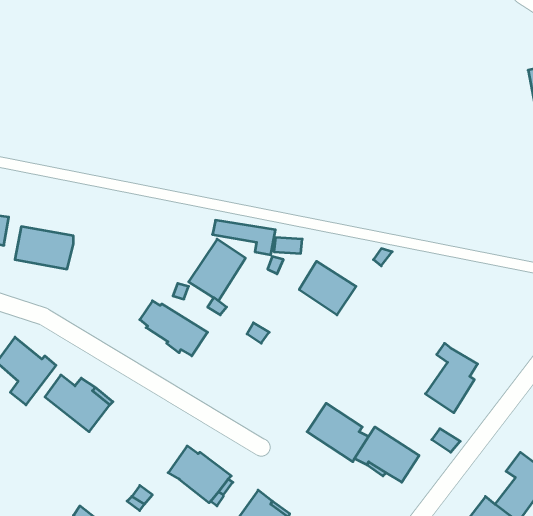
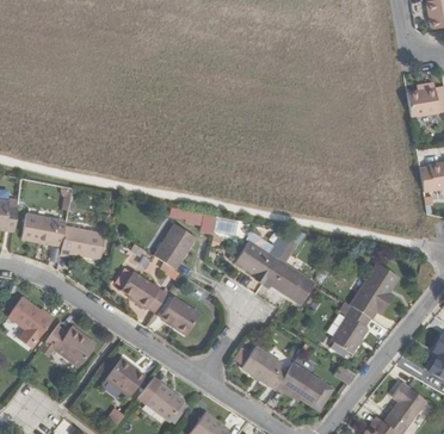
building: none -> [58,225,104,258]
building: none -> [264,258,315,303]
building: none -> [350,261,400,318]
building: none -> [160,296,198,334]
building: none -> [104,356,142,397]

